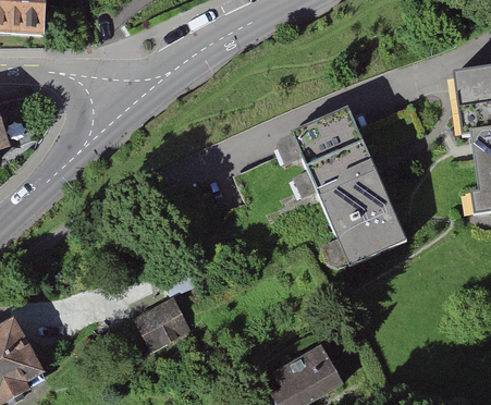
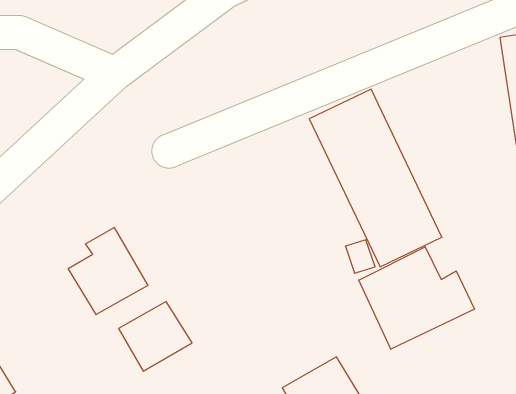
building: none -> [68,227,148,315]
building: none -> [359,247,475,349]

